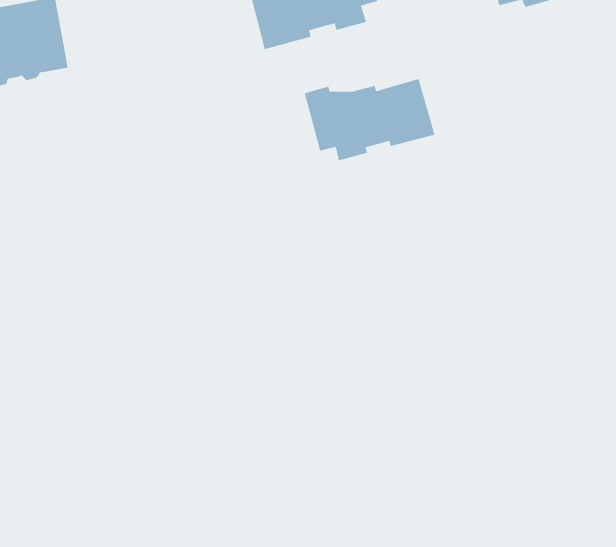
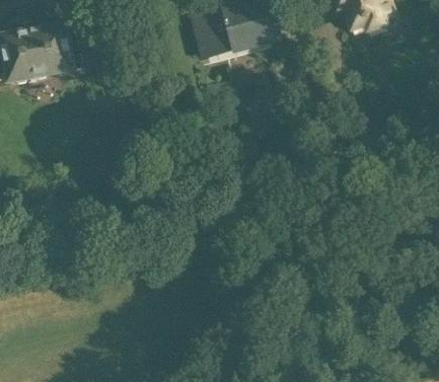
building: [304,78,435,161] -> none

